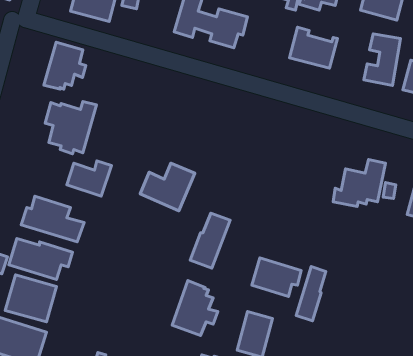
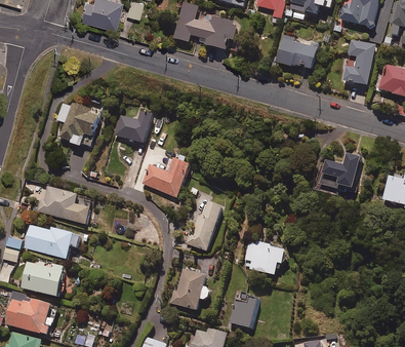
building: [44,42,86,89] -> none
building: [67,161,112,196] -> [114,112,154,144]
building: [296,266,326,321] -> none

